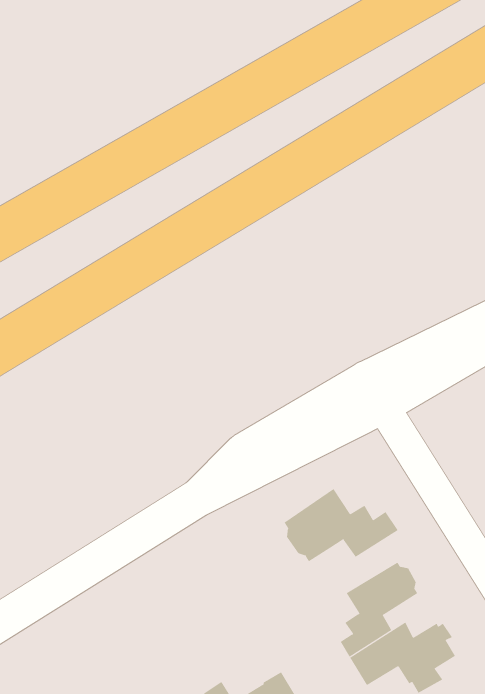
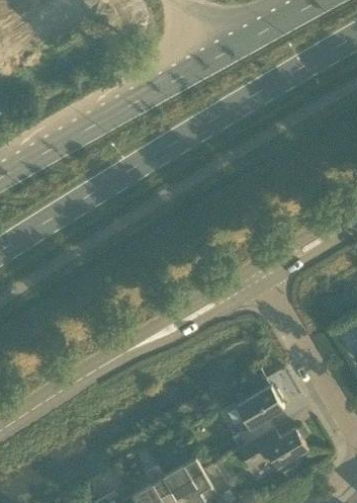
building: [284,488,398,566] -> none

